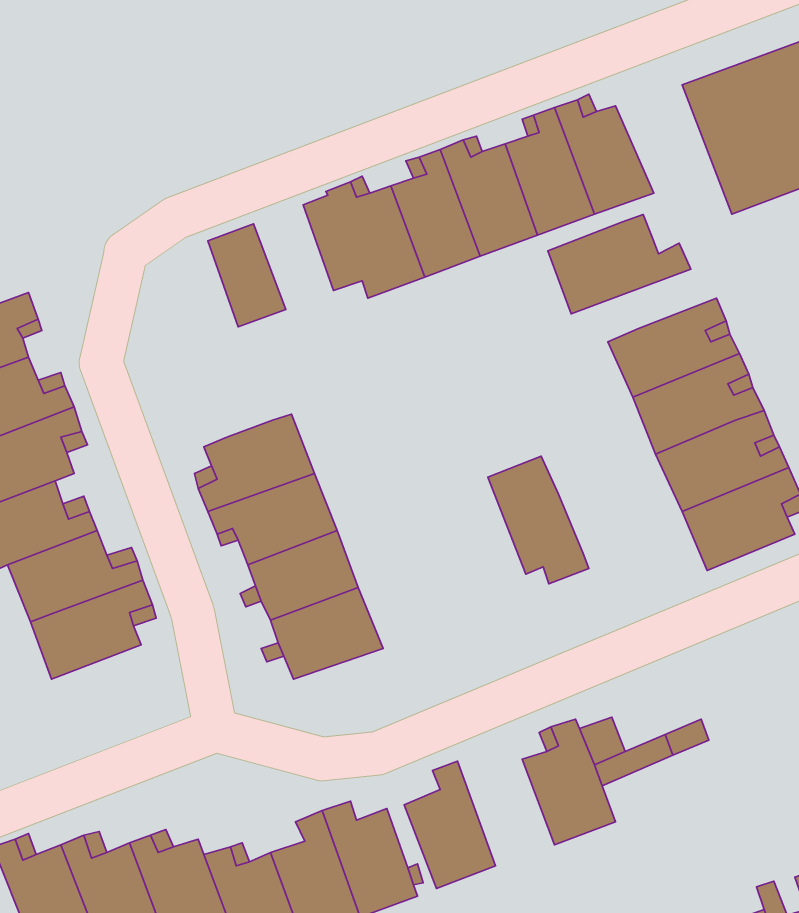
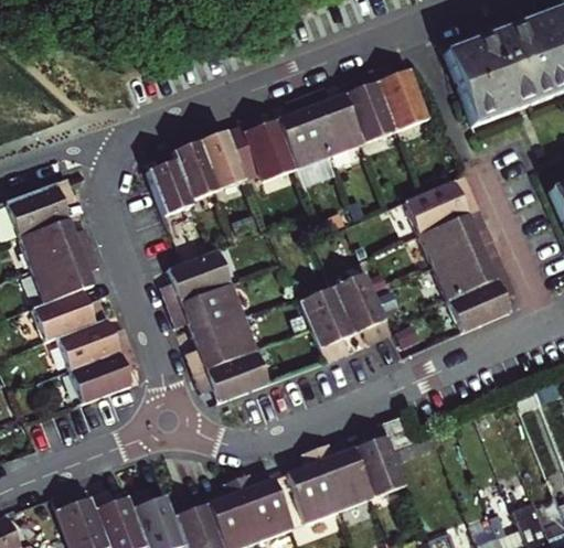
building: none -> [198,128,244,189]
building: [548,215,691,314] -> none
building: none -> [146,149,191,214]
building: none -> [299,286,355,364]
building: none -> [316,444,372,511]

